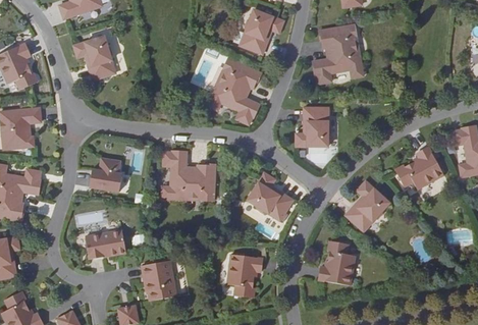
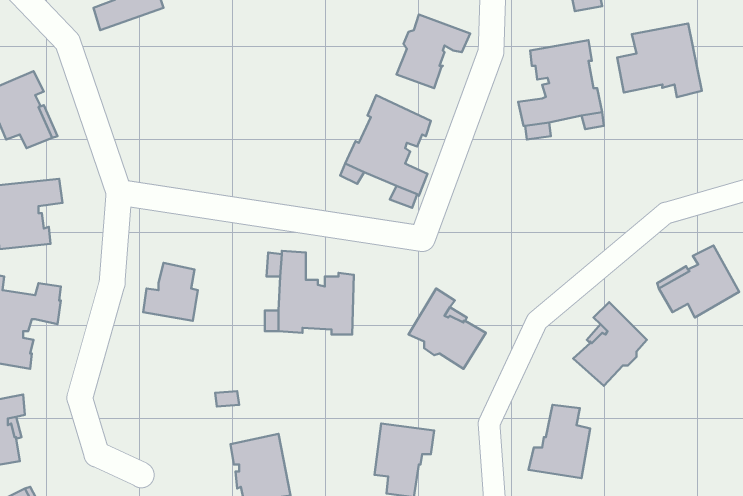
building: none -> [617,24,702,97]
building: [73,36,115,79] -> none
building: [296,107,329,146] -> none
building: [85,229,125,259] -> none

